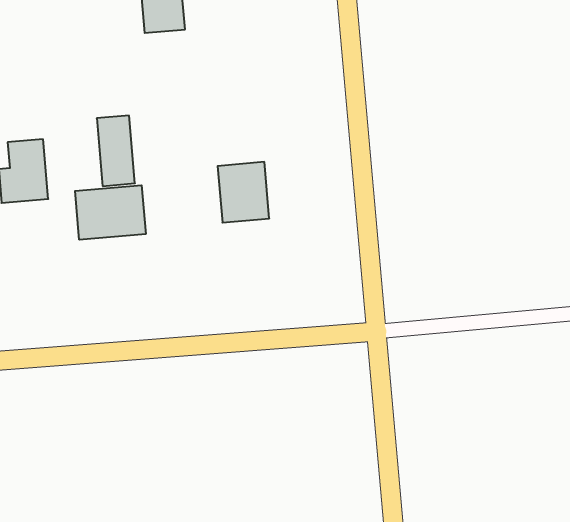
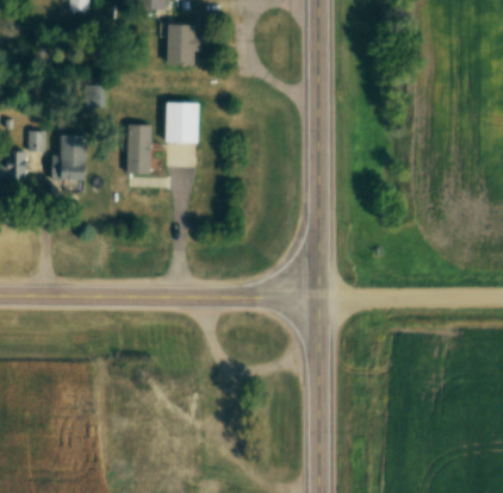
building: [218,162,269,223] -> [164,101,199,143]
building: [75,185,146,240] -> none

